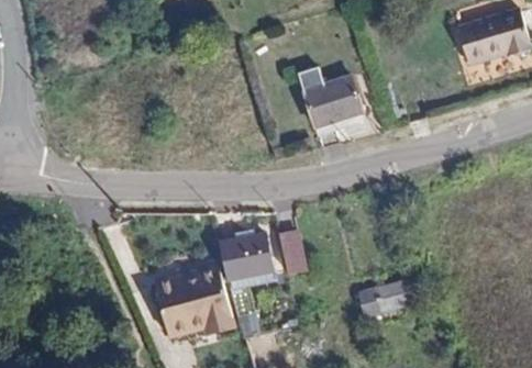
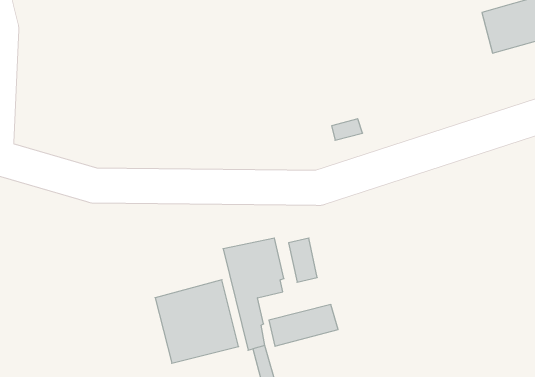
building: [299,67,362,125] -> none
building: [359,276,423,314] -> [269,305,338,346]

